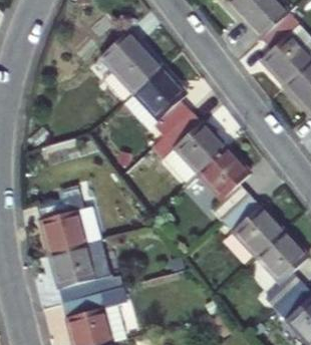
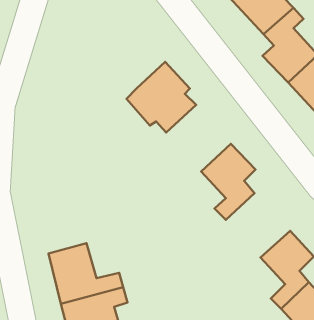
building: [100,30,163,92] -> none
building: [152,108,227,174] -> none
building: [34,193,100,254] -> none
building: [222,195,285,258] -> none

